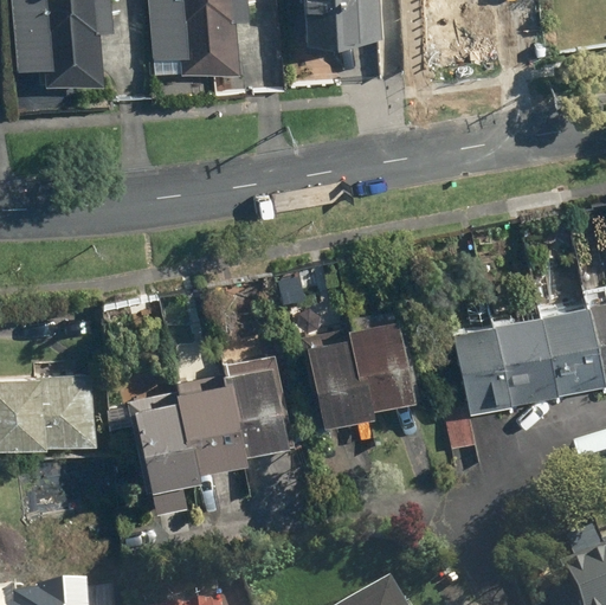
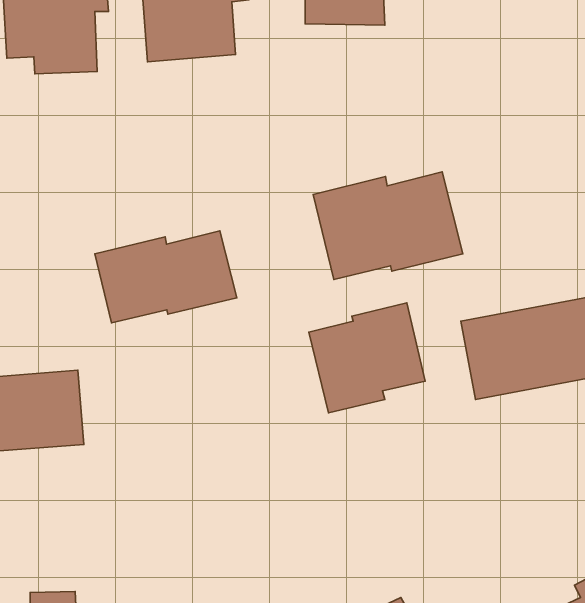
building: none -> [313,172,463,279]
building: none -> [95,231,237,323]
building: [140,359,294,483] -> none

